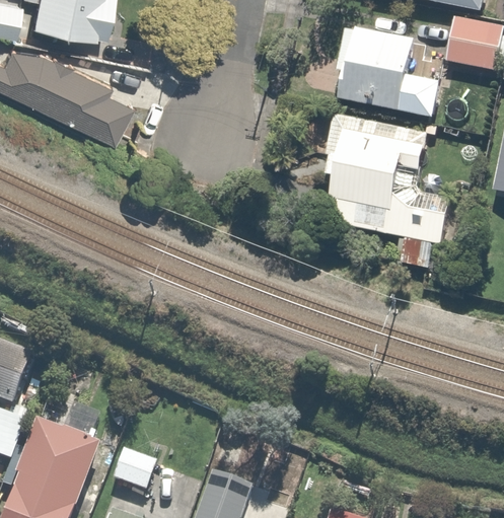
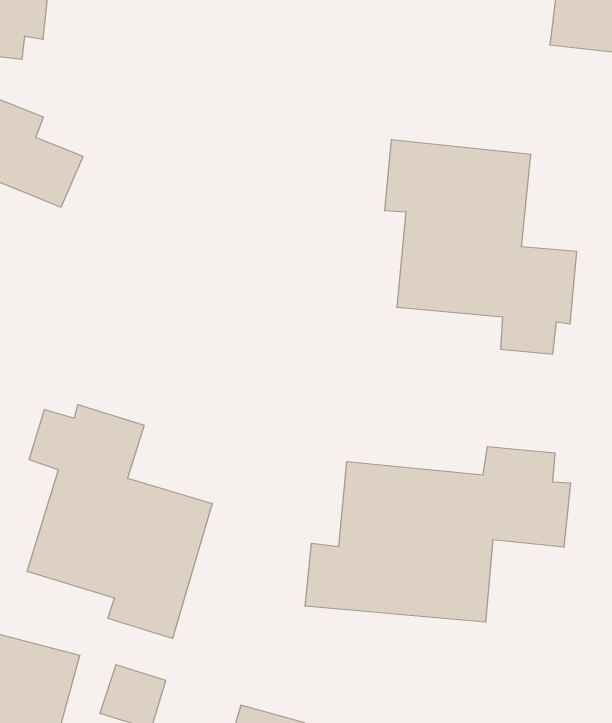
building: [331,26,445,119] -> none
building: none -> [27,405,212,638]
building: none -> [305,446,570,622]

